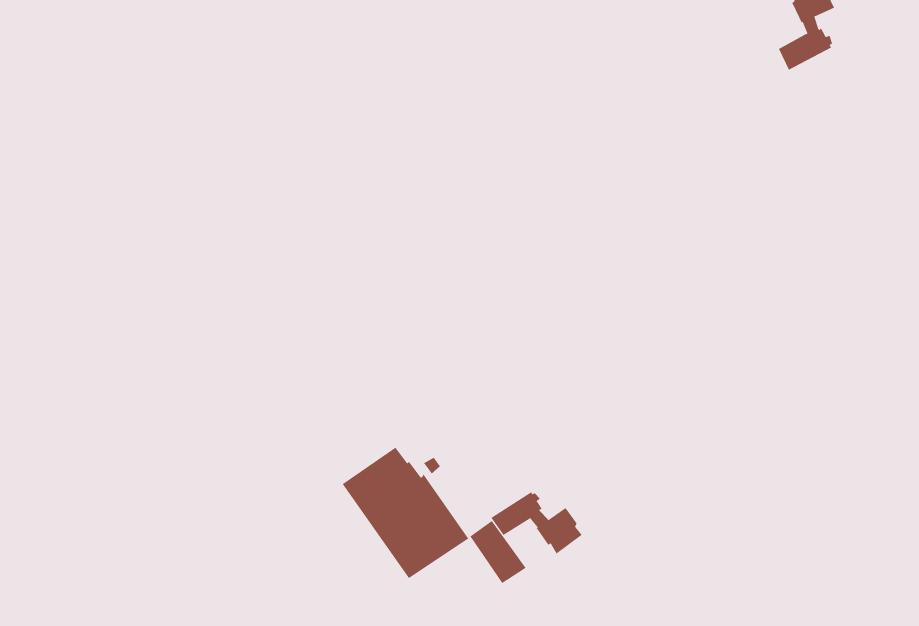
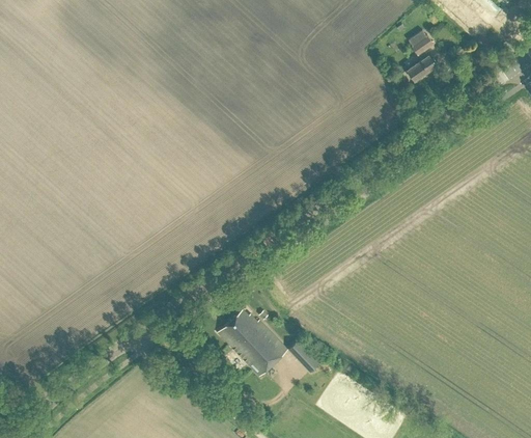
building: [491,491,582,554] -> none

